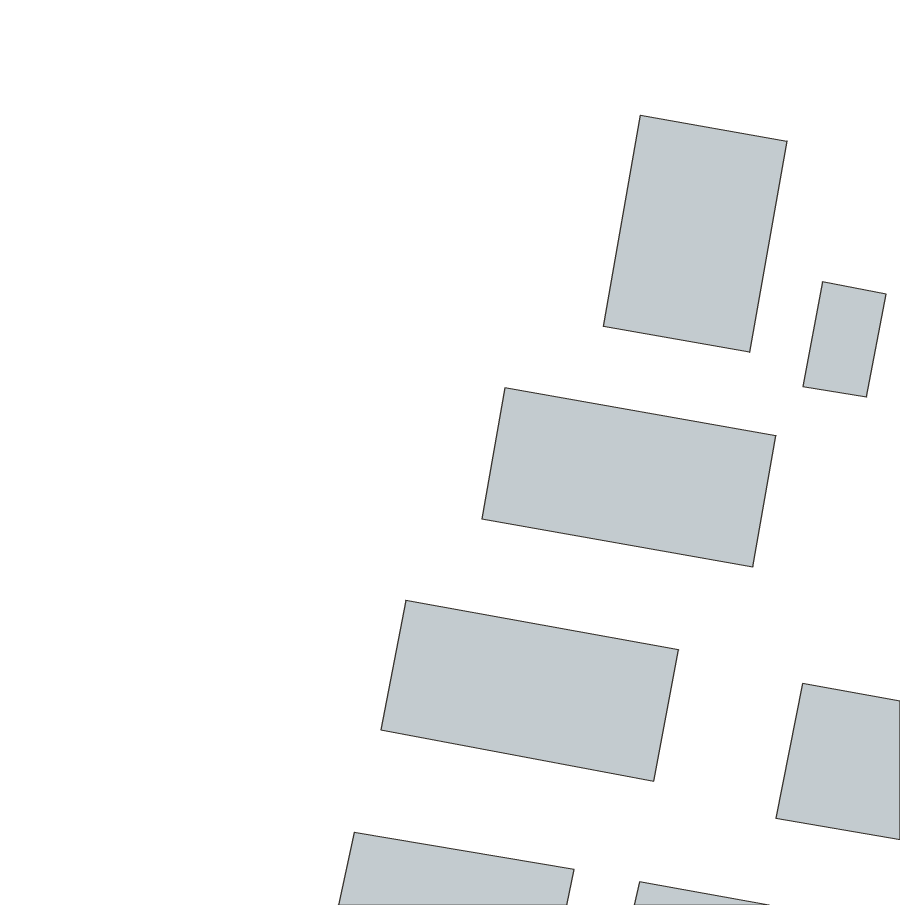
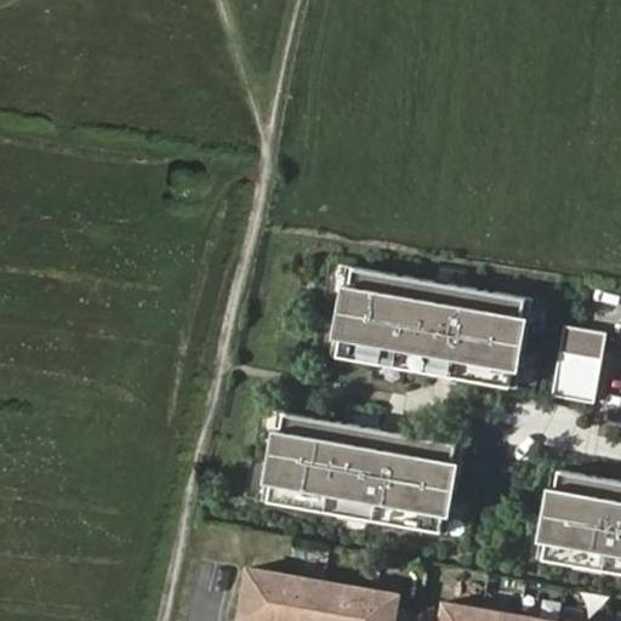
building: [603,115,787,352] -> none
building: [803,282,886,397] -> [551,327,608,406]

